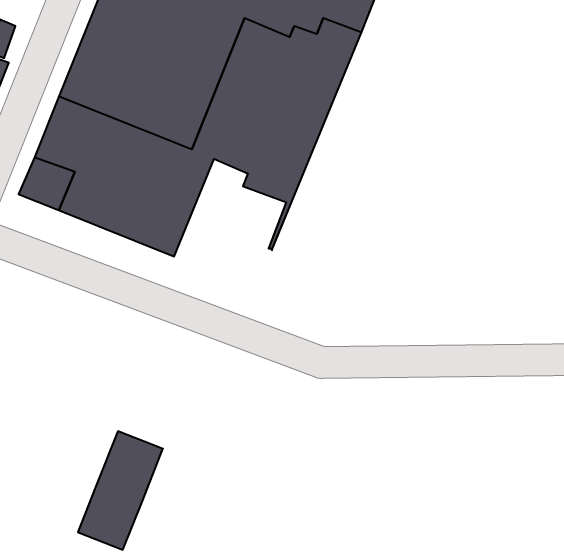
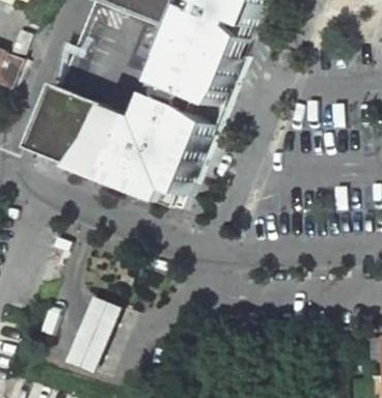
building: none -> [127,120,199,205]

